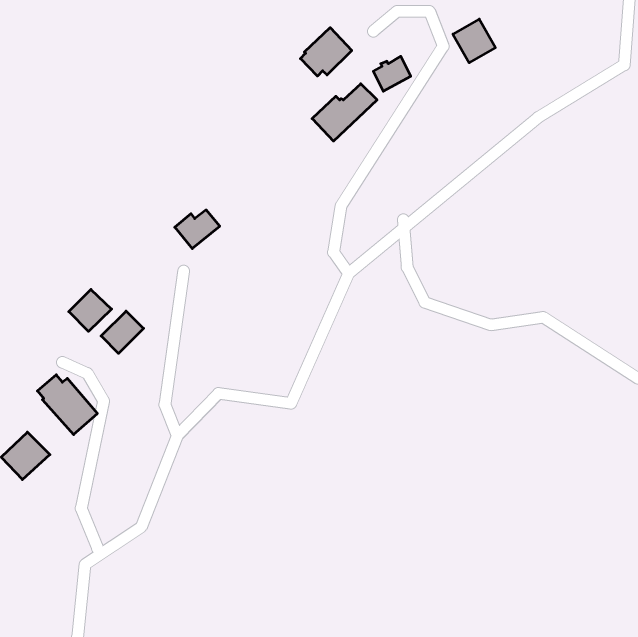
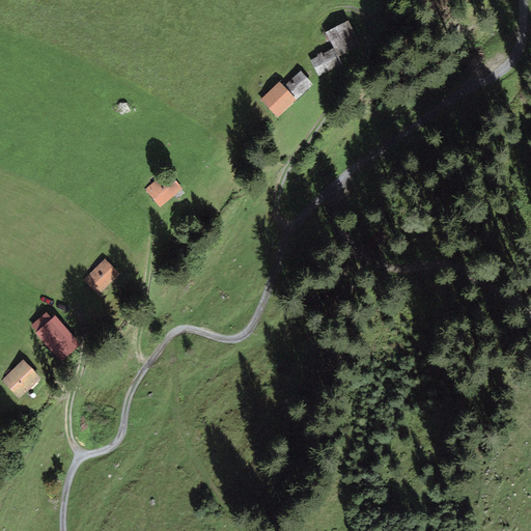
building: [453,19,495,63] -> [327,20,362,56]
building: [300,28,352,76] -> none
building: [69,289,112,331] -> none

